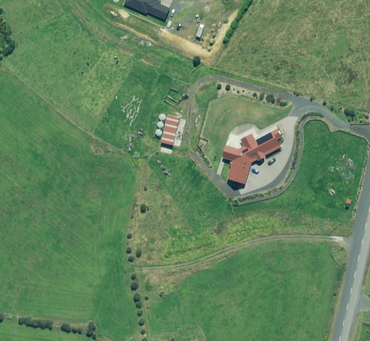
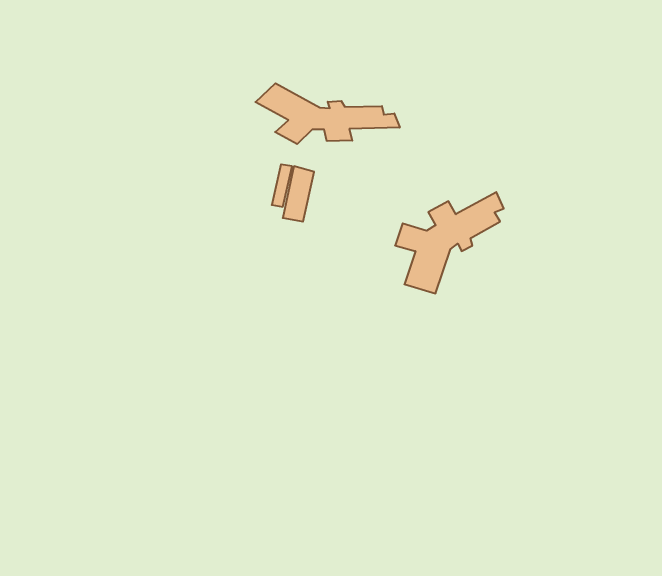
building: none -> [255,83,400,144]

